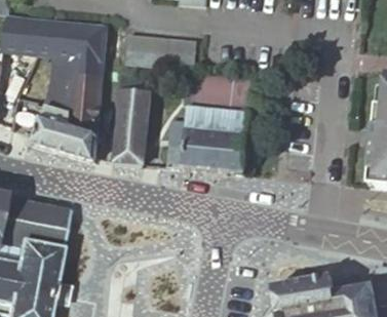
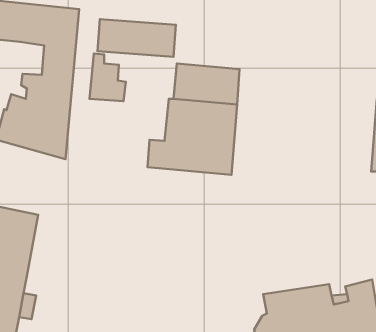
building: [46,53,76,105] -> none
building: [113,105,148,163] -> none

